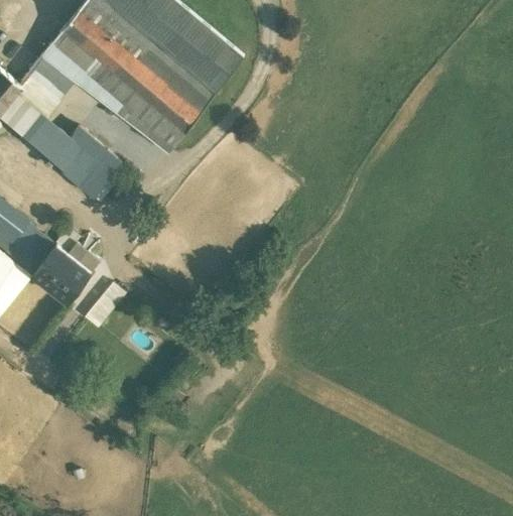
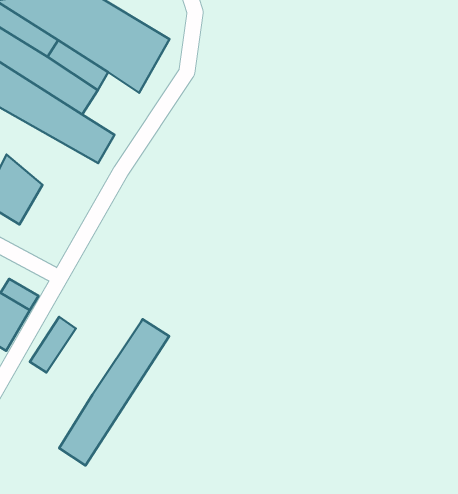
building: [159,77,211,131] -> none
building: none -> [59,319,169,465]

